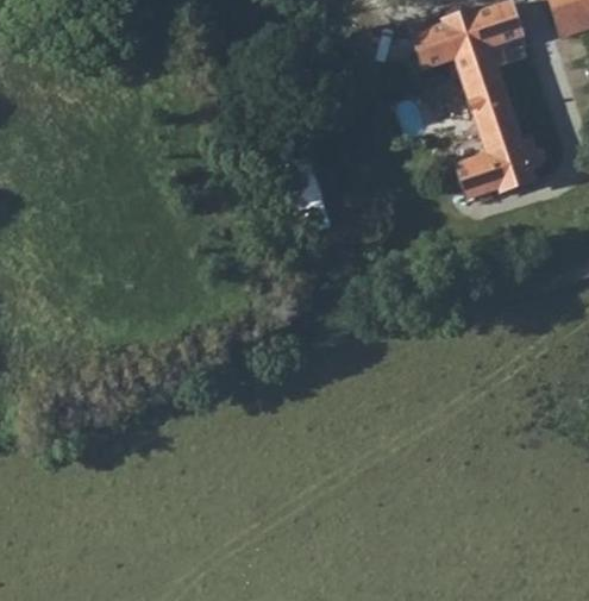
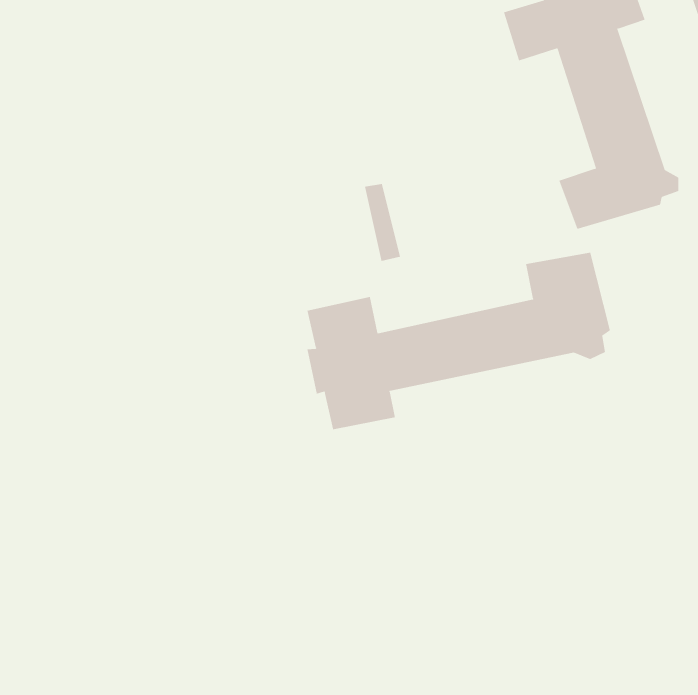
building: none -> [307,252,611,430]

